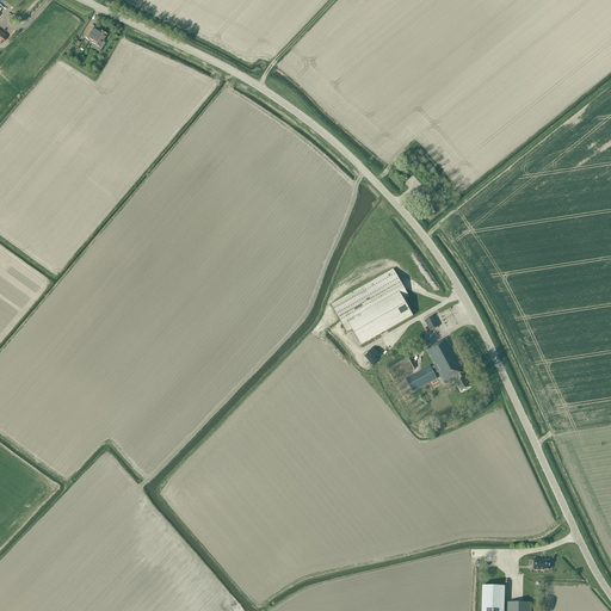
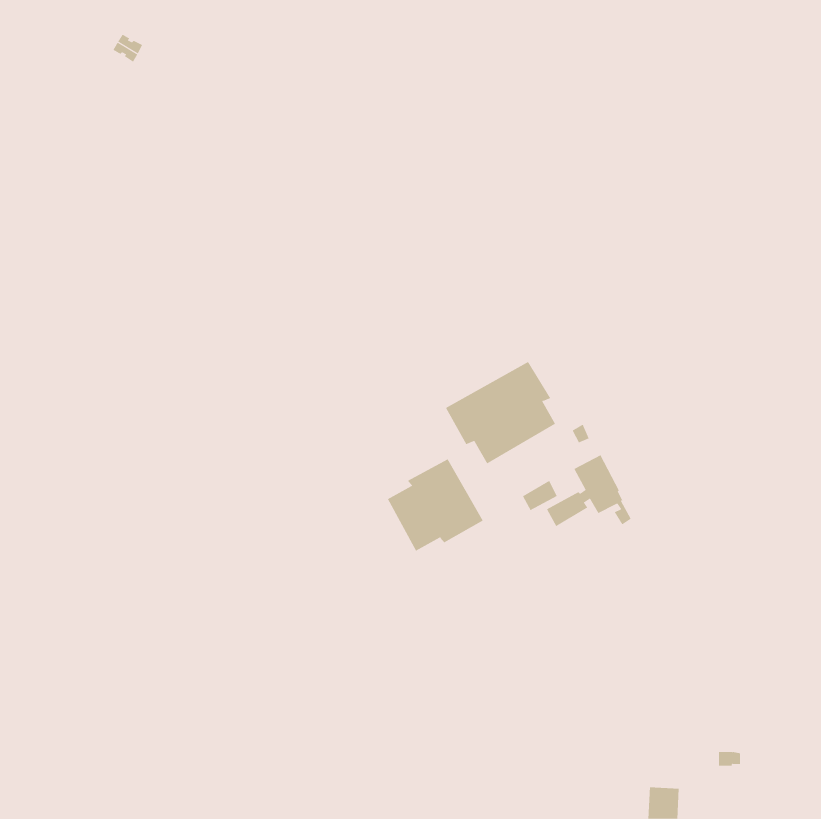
building: none -> [387,459,484,552]

